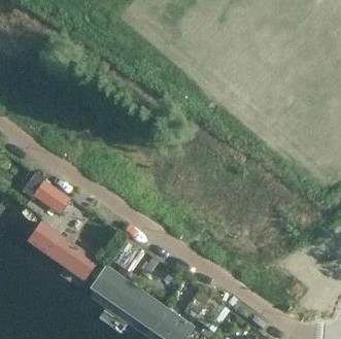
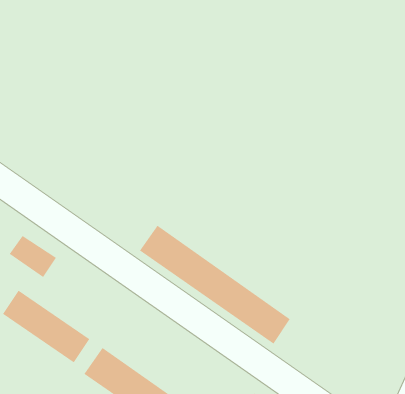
building: none -> [139,225,290,345]

